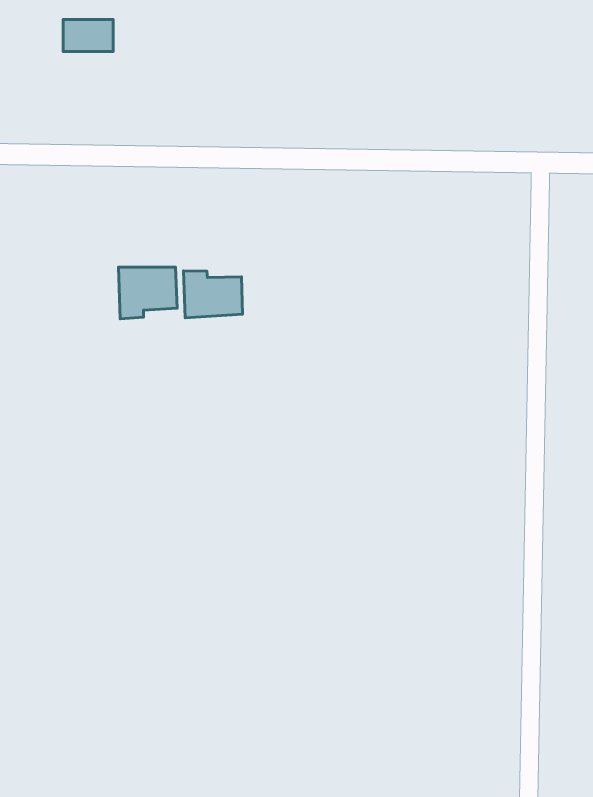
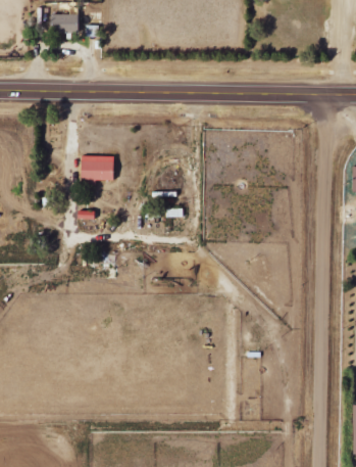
building: [184,271,242,318] -> none

